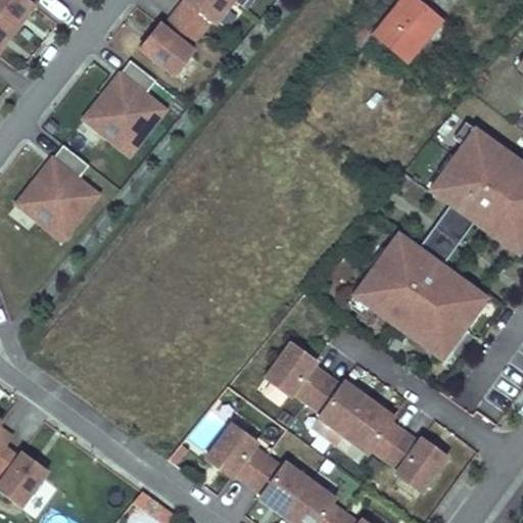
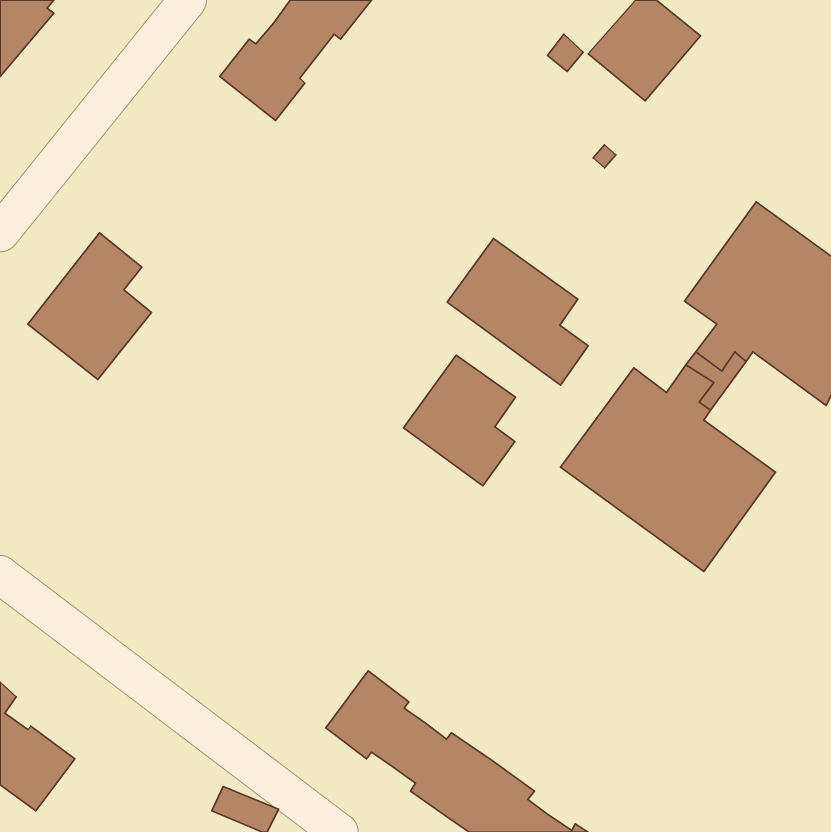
building: [85,61,162,154] -> none
building: none -> [447,239,588,385]
building: none -> [404,355,516,486]
building: [264,340,446,490] -> none

